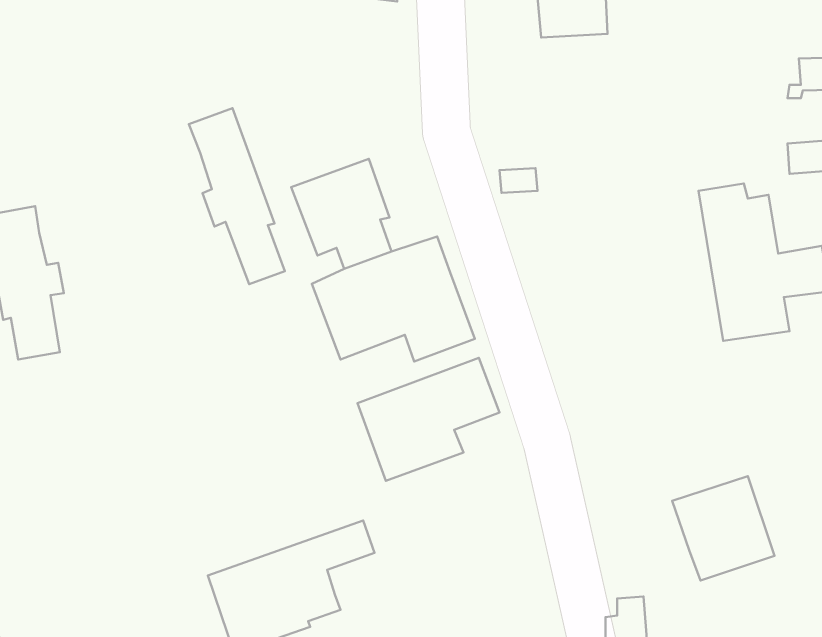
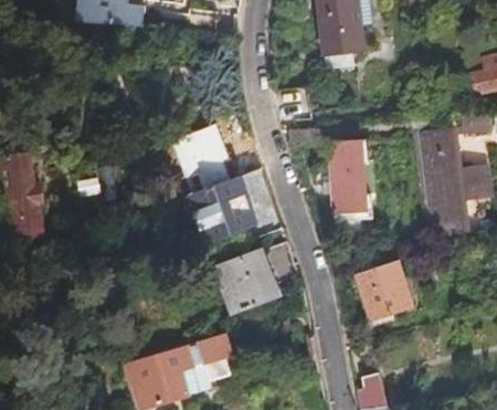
building: [189,108,285,284] -> none
building: none -> [328,139,378,220]
building: [672,476,774,580] -> [353,259,413,319]

